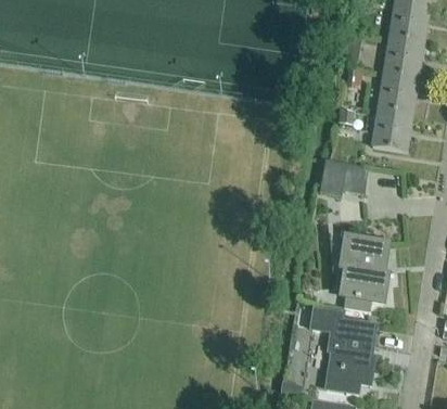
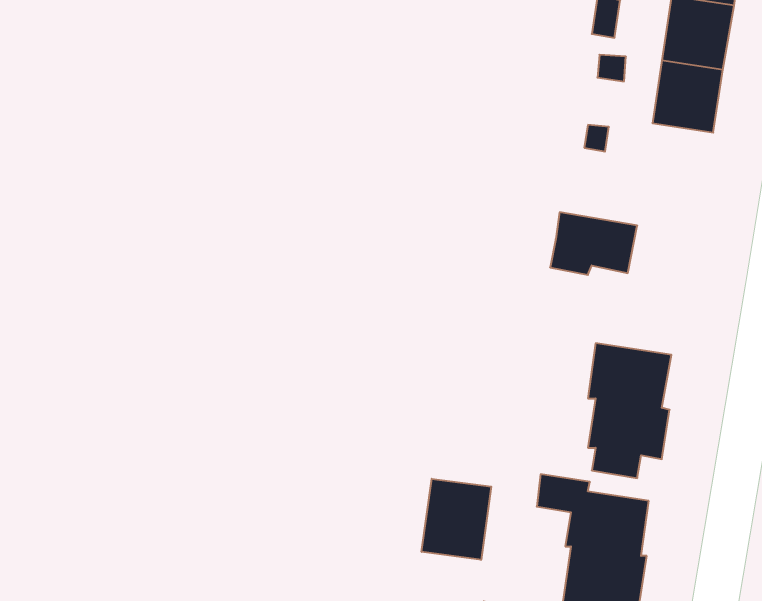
building: [371,106,412,149] -> none
building: none -> [422,479,491,560]

